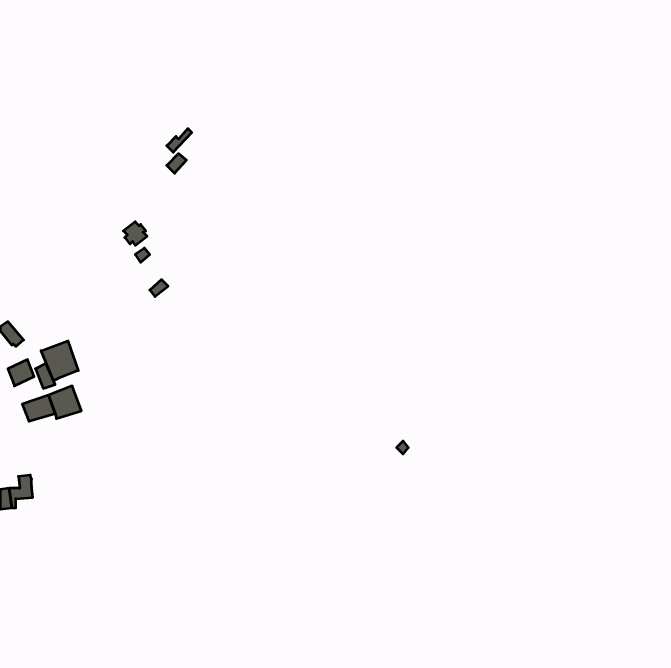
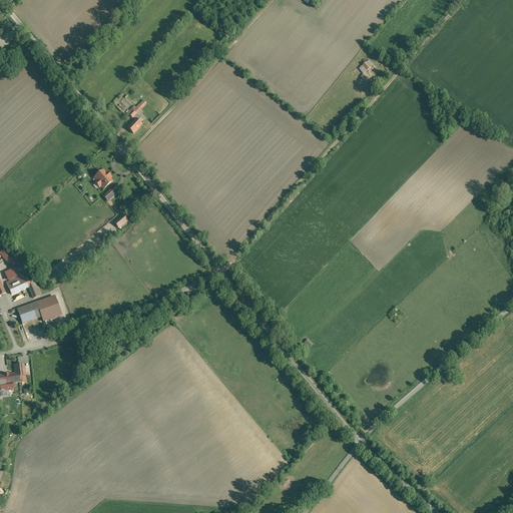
building: [41,341,78,381] -> none

